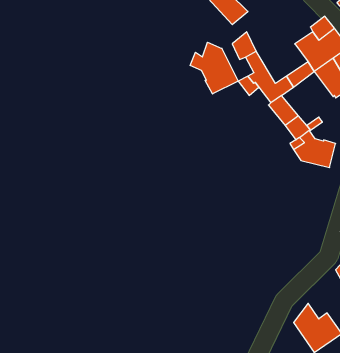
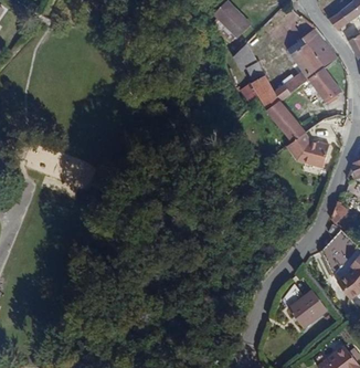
building: [190,42,238,94] -> none

